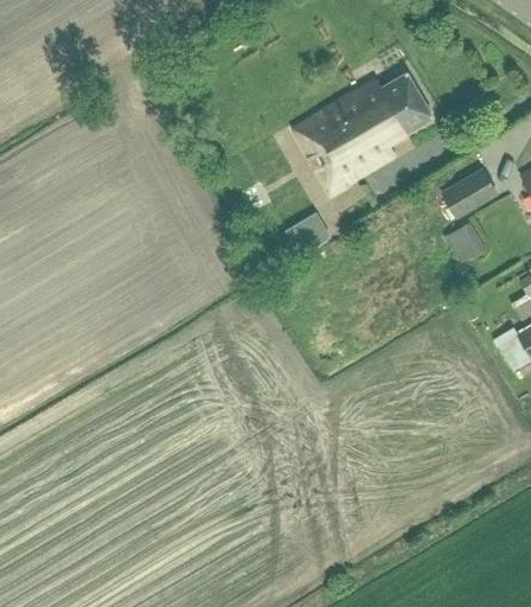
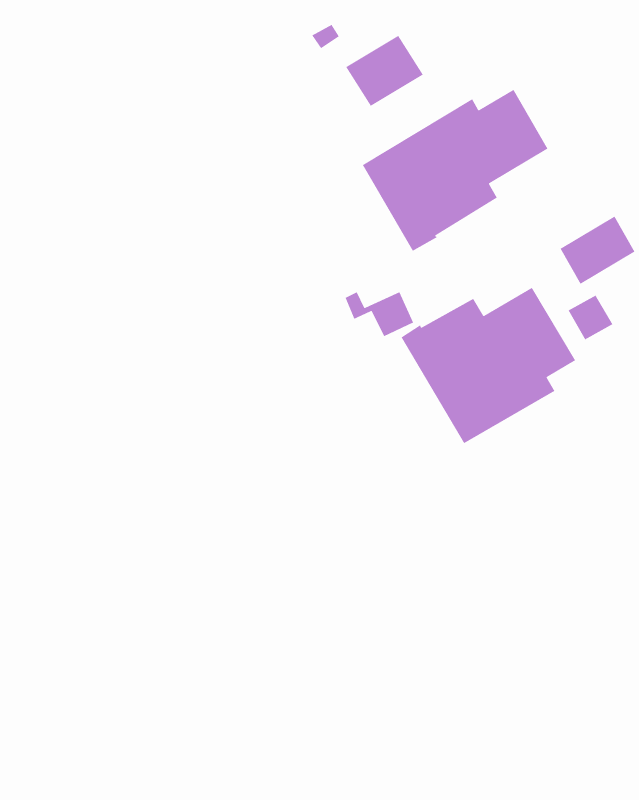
building: none -> [345,35,424,107]
building: none -> [400,287,576,444]

